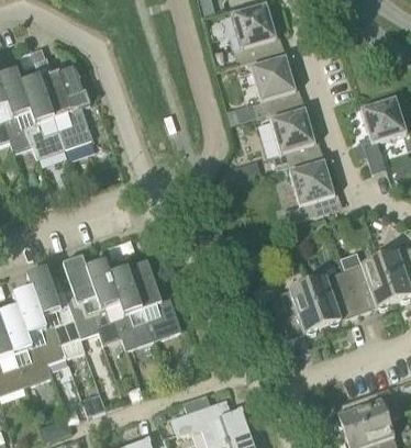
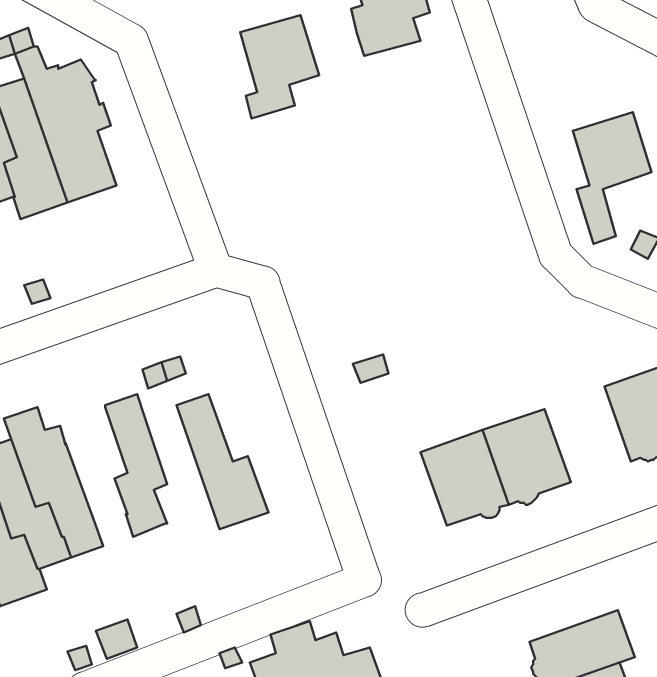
building: [249,55,296,115] -> [240,15,319,119]
building: [269,108,314,168] -> none
building: [280,159,334,223] -> none
building: [62,255,99,337] -> none
building: [343,256,393,312] -> none
building: [109,267,153,349] -> none

